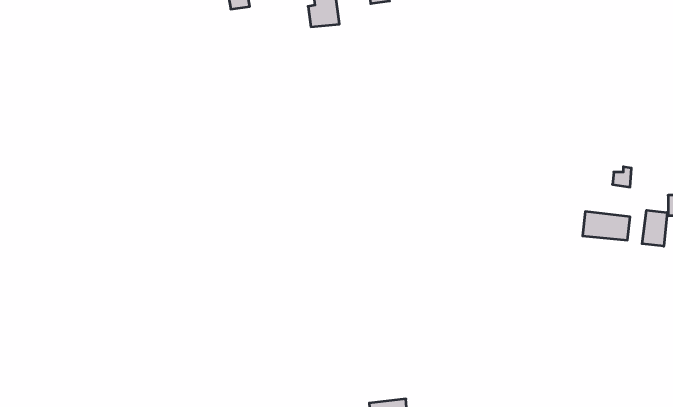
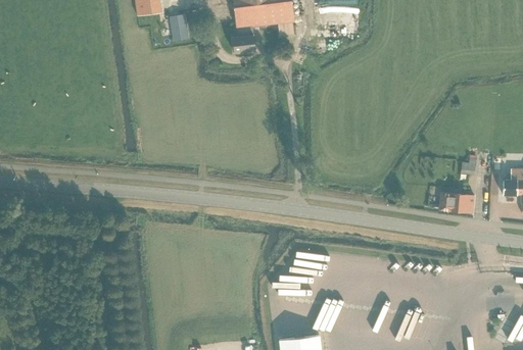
building: [642,210,667,246] -> none

